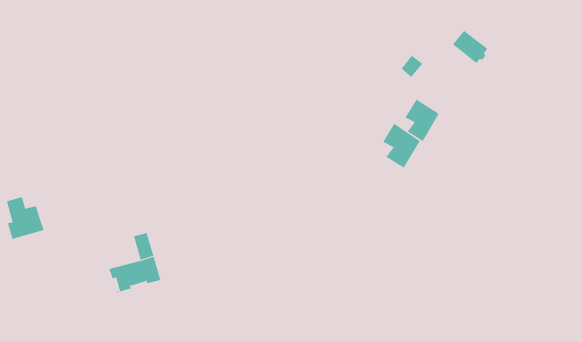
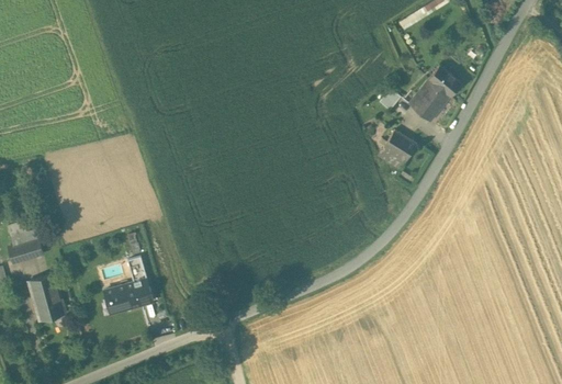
building: none -> [408,80,450,123]
building: [382,123,421,169] -> none
building: none -> [29,275,66,321]

